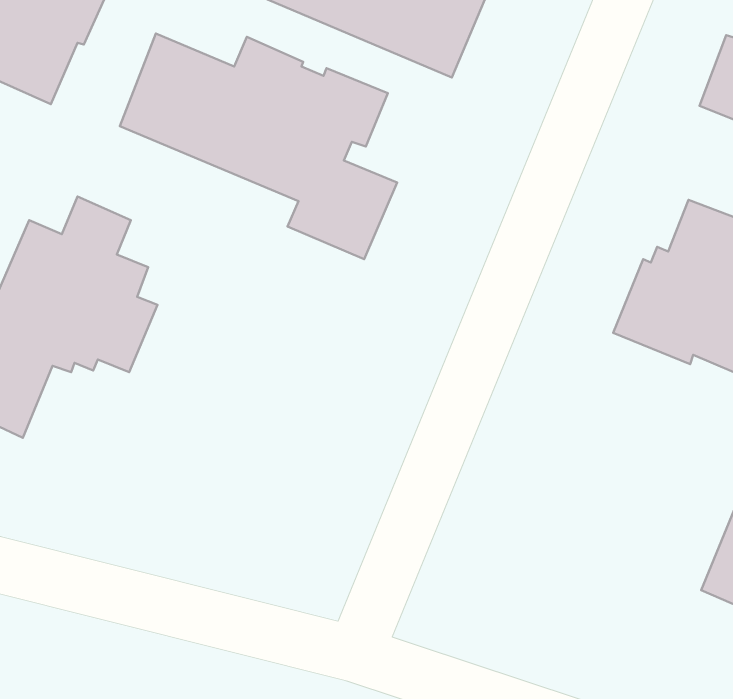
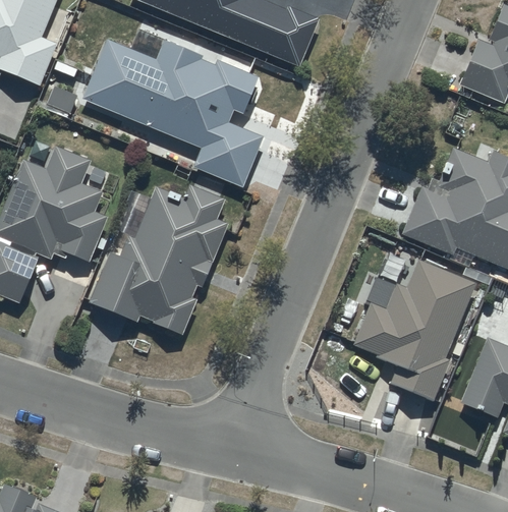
building: none -> [88,182,229,333]
building: none -> [352,259,474,398]

